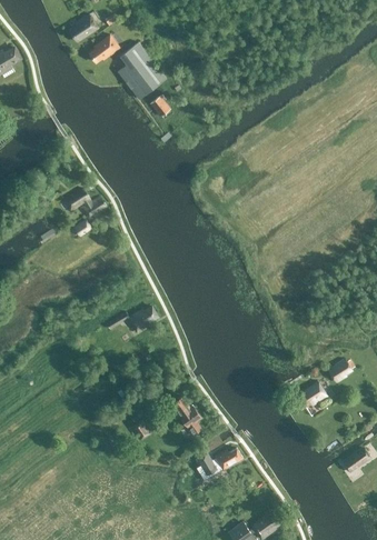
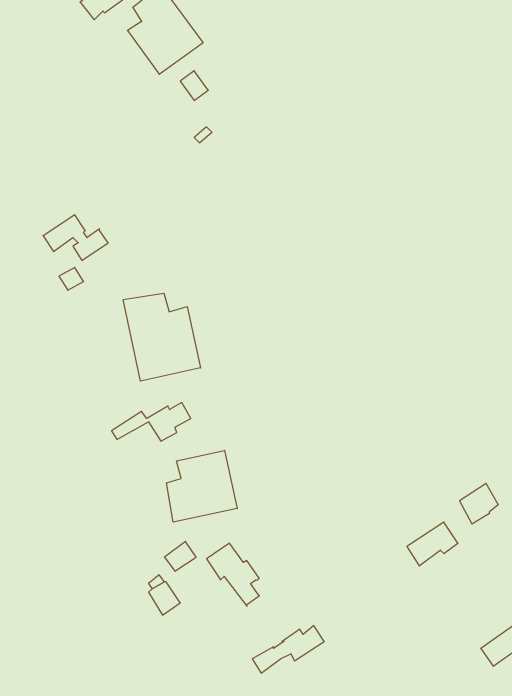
building: none -> [123,293,201,381]
building: none -> [167,450,237,522]

